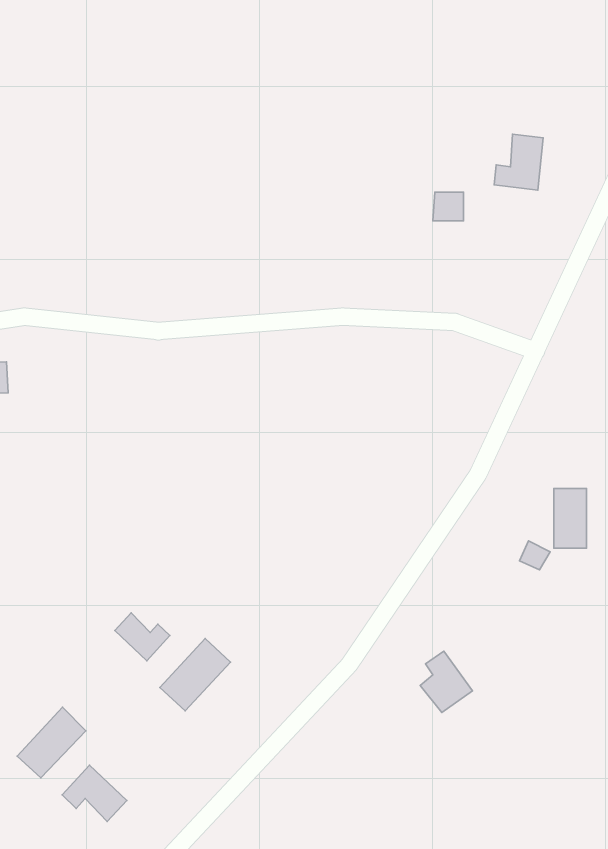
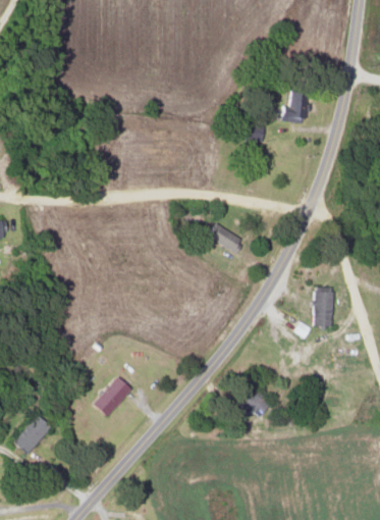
building: none -> [207,223,242,252]
building: [115,613,170,661] -> none
building: [62,765,127,821] -> none

